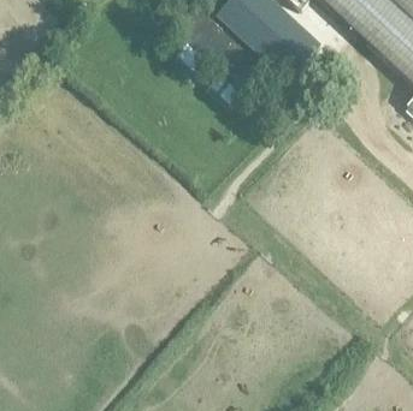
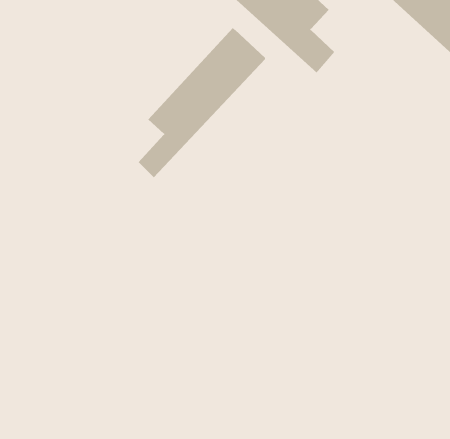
building: none -> [138,27,266,178]

